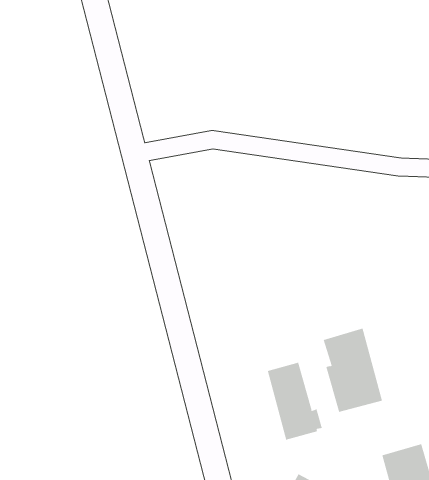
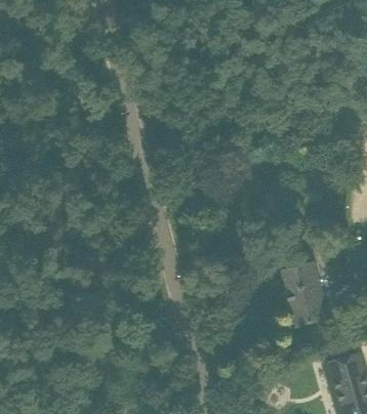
building: [267,362,323,440] -> none

